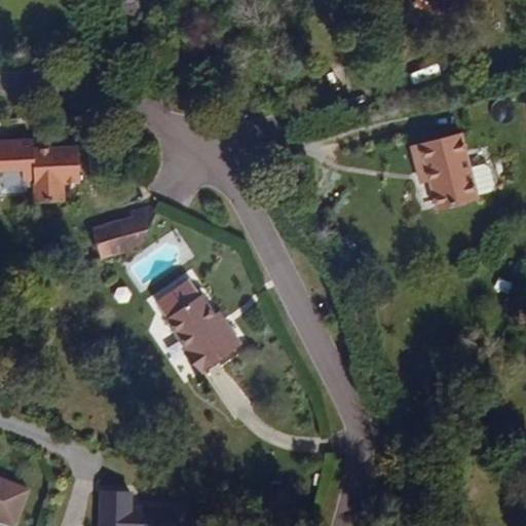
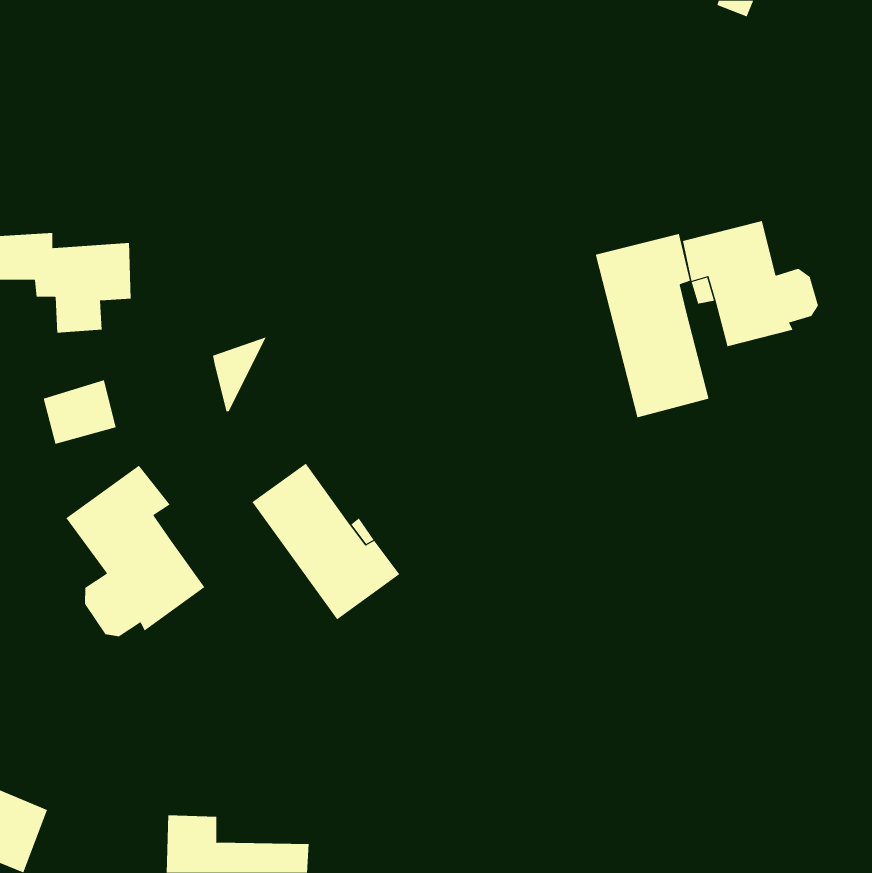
building: none -> [595,233,709,418]
building: [91,219,136,258] -> [43,380,116,445]
building: none -> [66,465,205,637]

